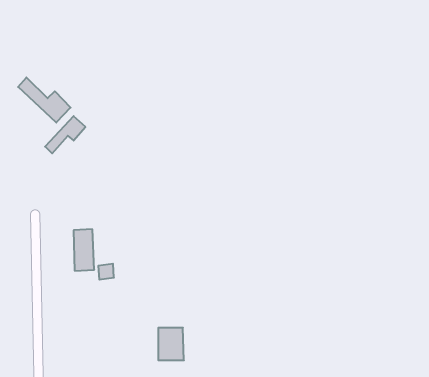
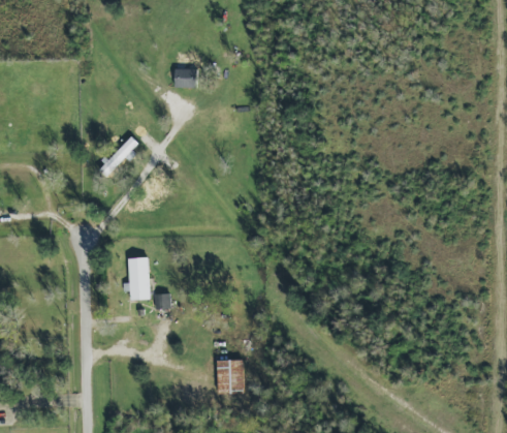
building: none -> [173,68,197,87]
building: [18,77,71,123] -> none

